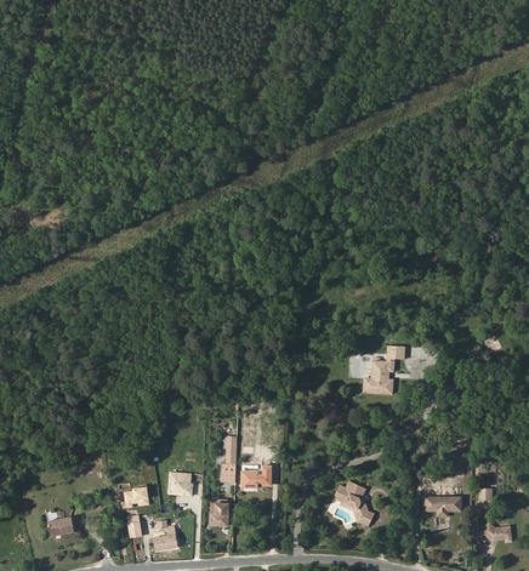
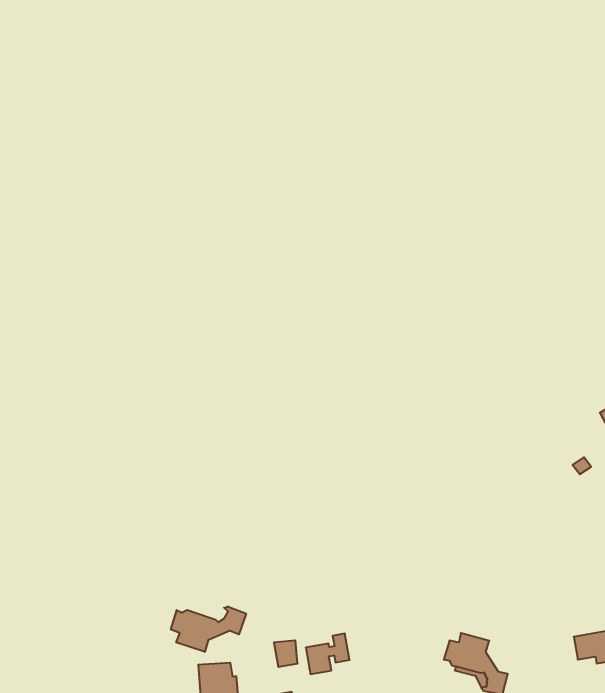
building: [363,346,405,394] -> none
building: none -> [171,606,246,652]

